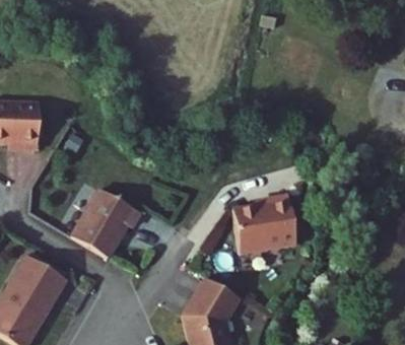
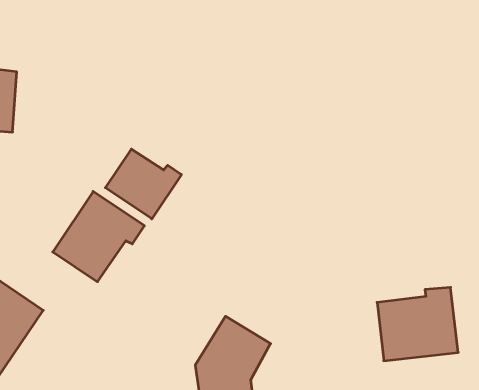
building: none -> [105,149,181,219]
building: [230,190,294,249] -> [377,287,458,361]

